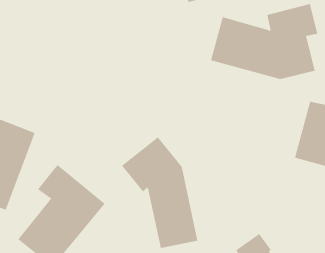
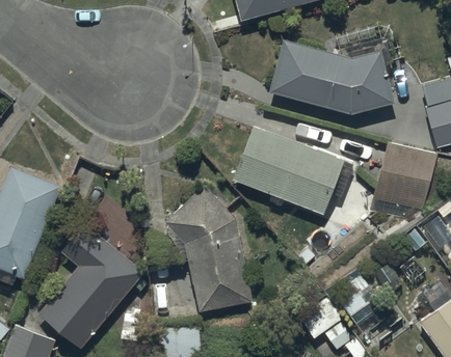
building: none -> [233,125,353,216]

